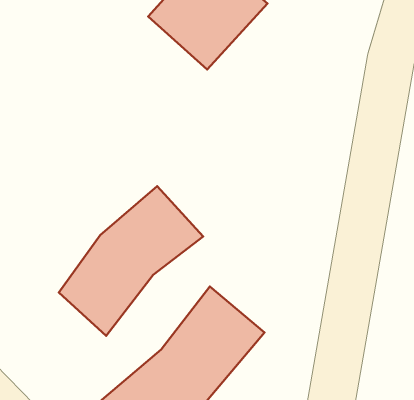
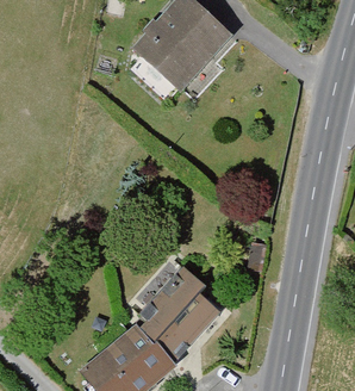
building: [59,186,203,336] -> none

